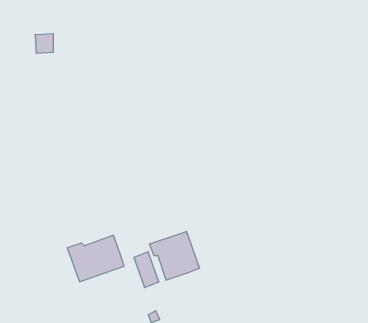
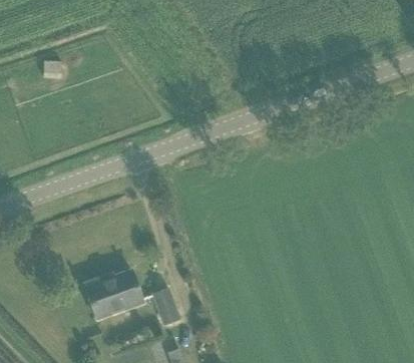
building: [150,231,200,280] -> none

